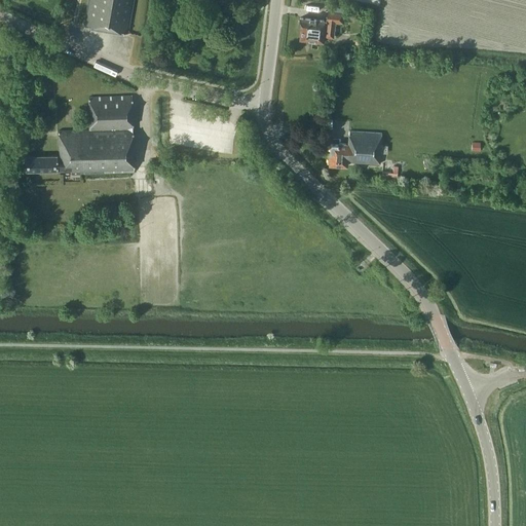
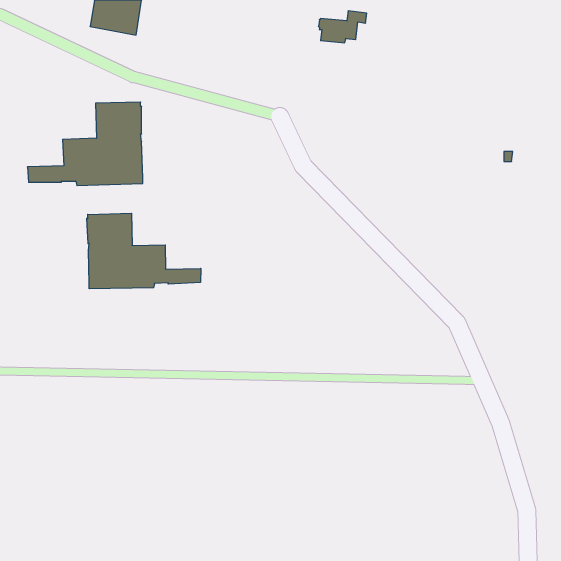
building: [329,130,381,166] -> none
building: none -> [87,213,201,289]

